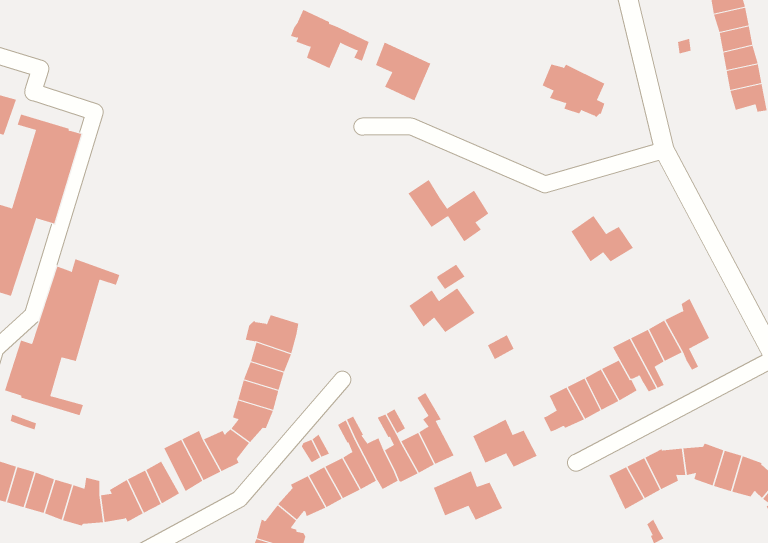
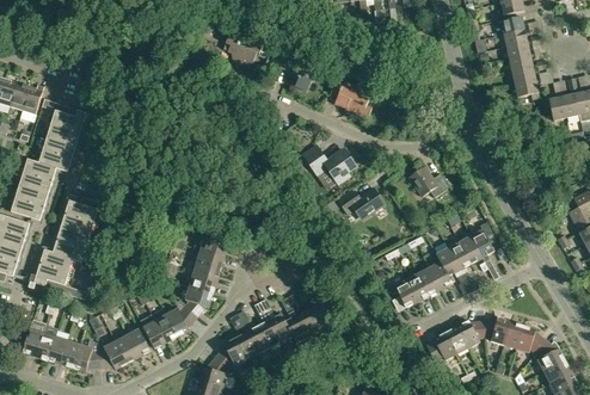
building: [542,64,605,118] -> [330,81,371,117]
building: [409,288,475,333] -> [339,189,383,218]
building: [472,419,538,468] -> none
building: [433,470,503,521] -> none

